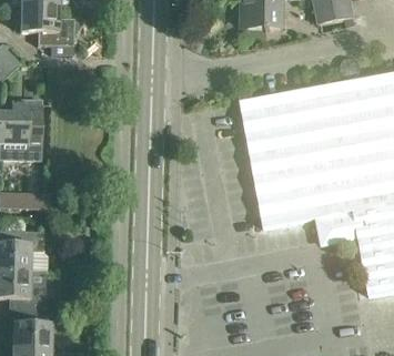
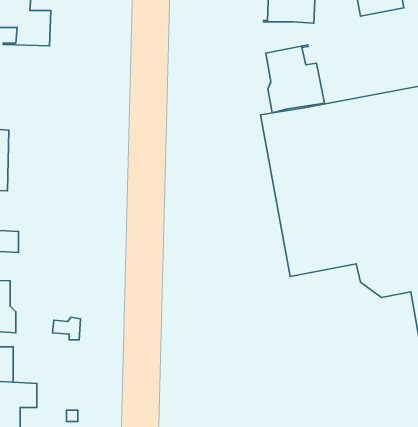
building: none -> [266,45,325,113]

